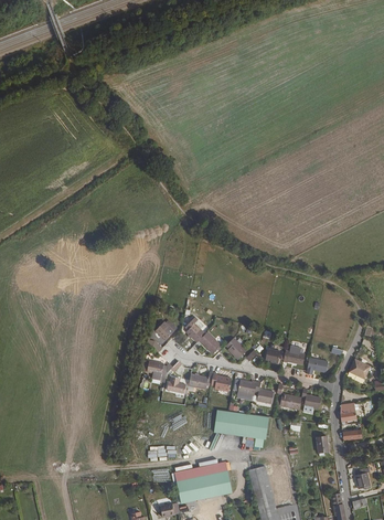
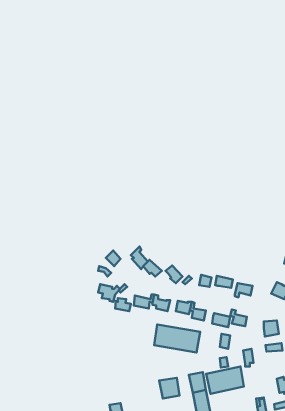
building: none -> [206,367,244,394]
building: [186,474,220,501] -> none

